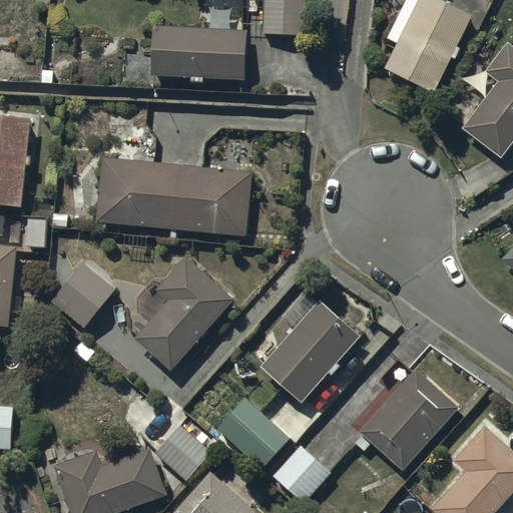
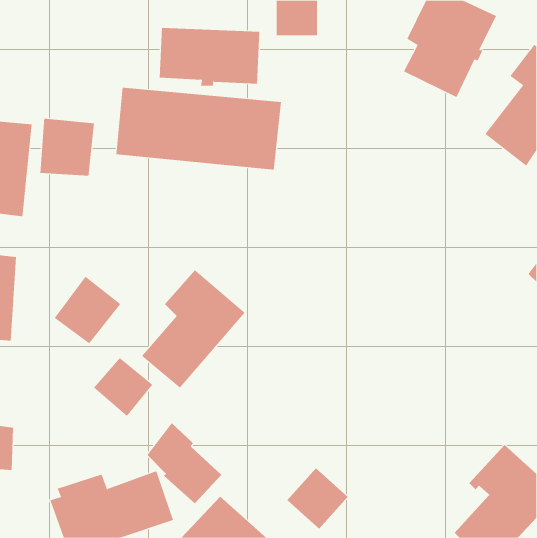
building: none -> [40,118,94,177]
building: [95,157,253,236] -> [116,87,282,170]
building: [262,292,362,403] -> none
building: none -> [93,357,153,417]
building: [359,368,458,471] -> none
building: [216,397,290,468] -> none

